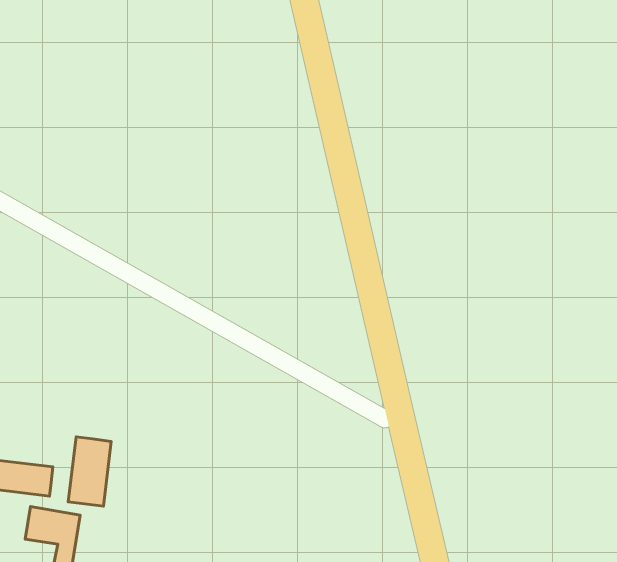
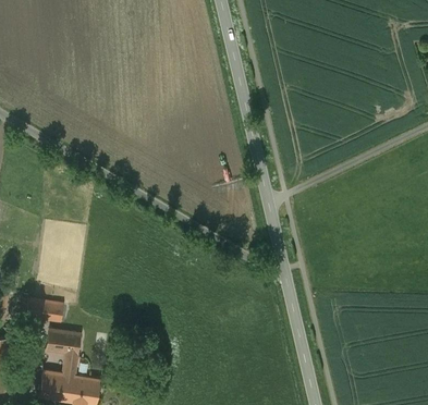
building: [68,437,111,506] -> none

